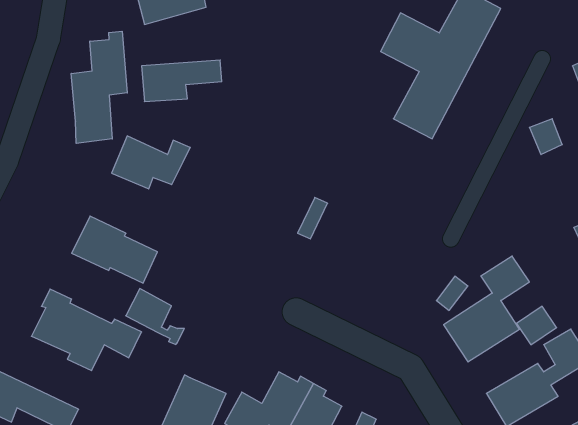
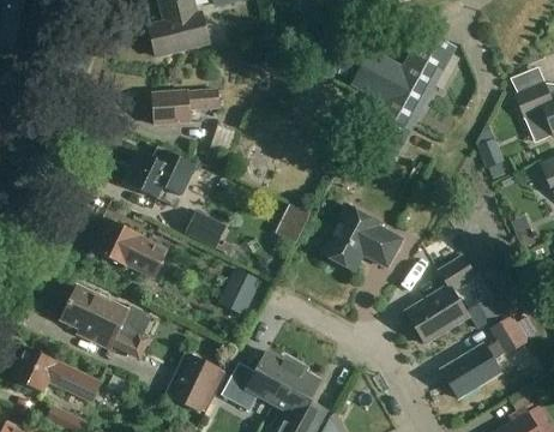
building: [71,31,127,143] -> none
building: none -> [321,204,403,270]
building: none -> [219,268,257,312]
building: [126,289,184,344] -> [186,208,235,254]

